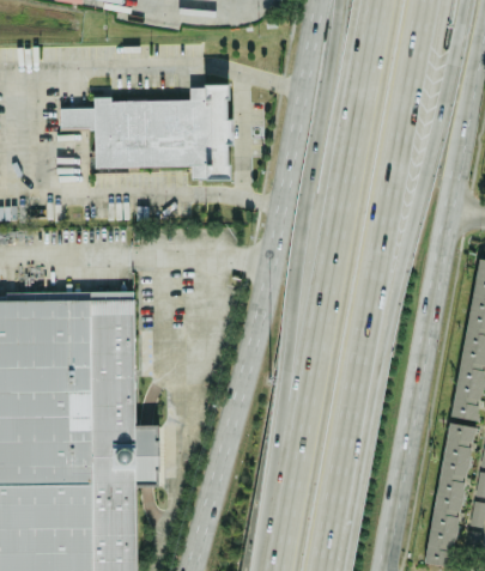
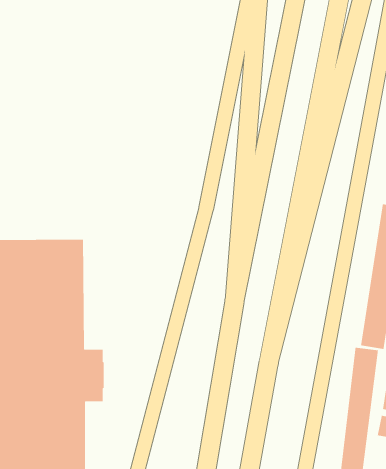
building: [60,85,232,180] -> none

